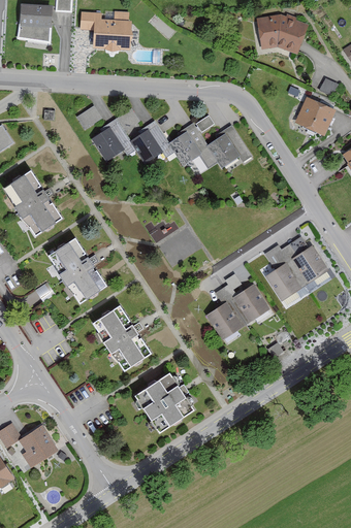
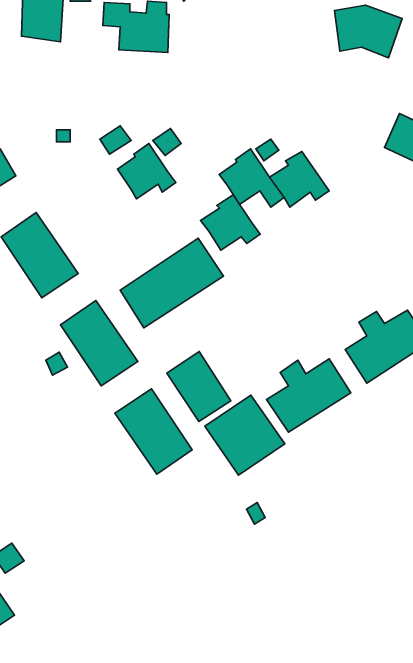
building: [130,121,176,163] -> [201,195,260,250]
building: none -> [120,238,224,328]
building: none -> [167,352,231,421]
building: [133,371,194,432] -> [205,395,285,475]
building: [19,425,58,466] -> none

